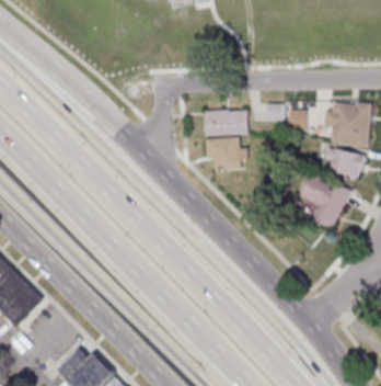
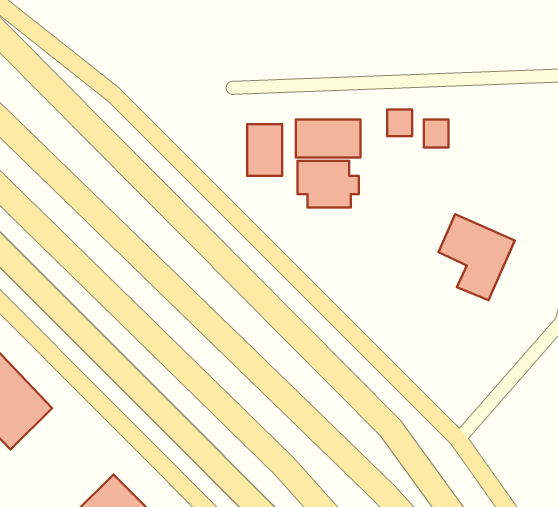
building: [323,102,370,146] -> none
building: none -> [247,124,282,176]
building: [324,148,365,180] -> none

